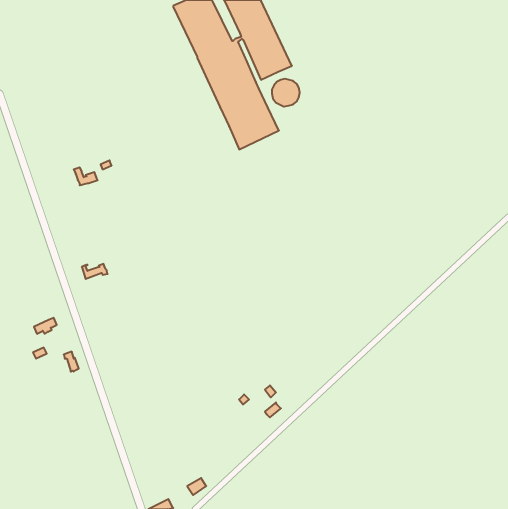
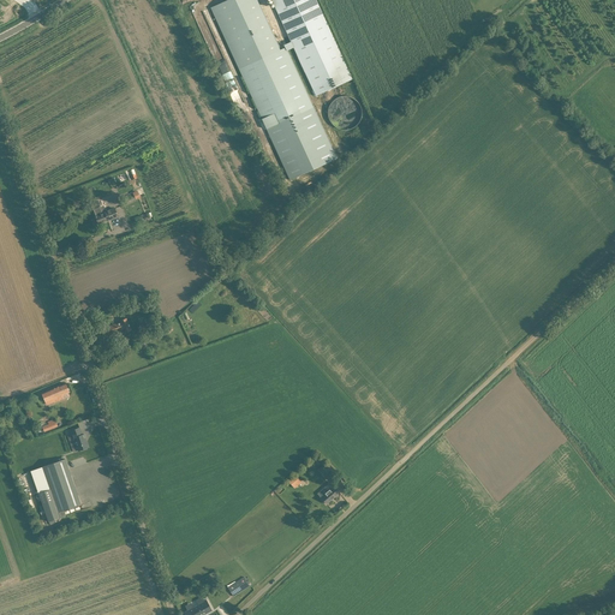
building: none -> [37,459,79,521]

